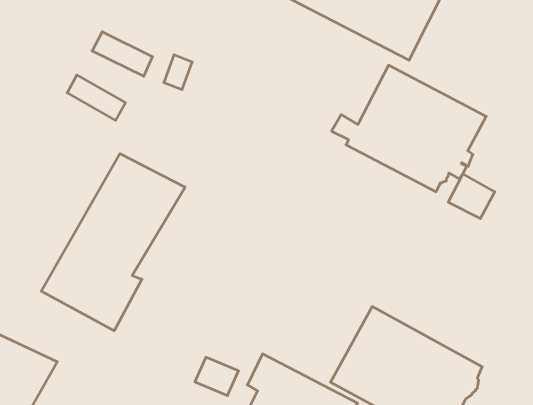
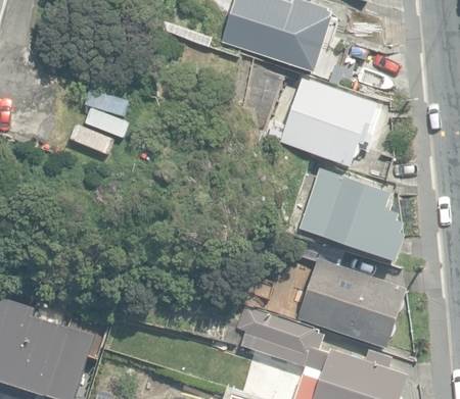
building: [41,154,185,331] -> none
building: none -> [298,167,405,261]

